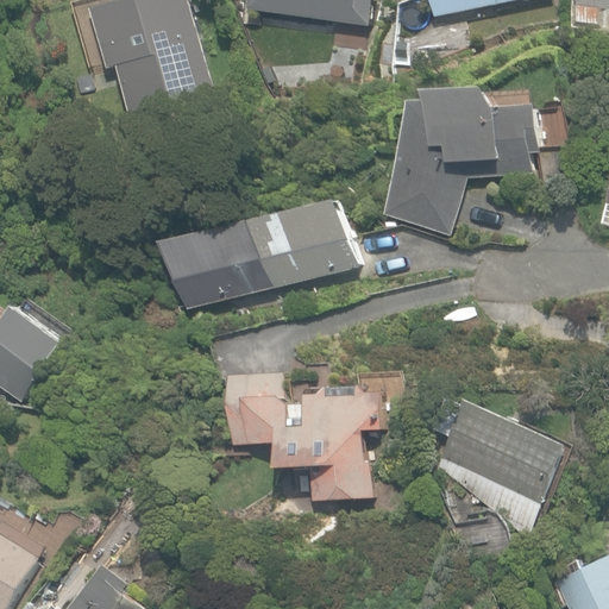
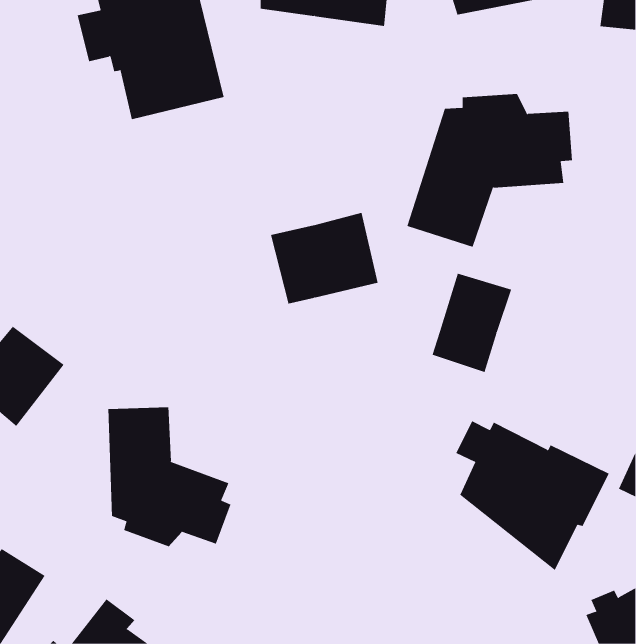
building: [169,221,271,308] -> none
building: none -> [432,273,512,373]
building: [226,371,381,500] -> none
building: none -> [108,407,231,547]

